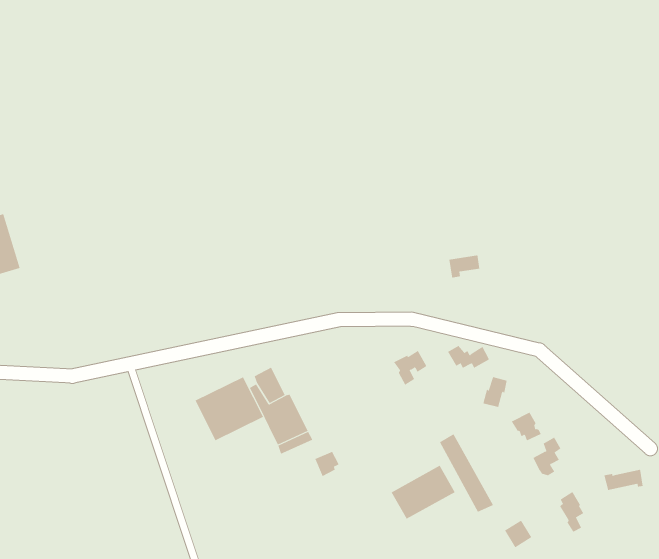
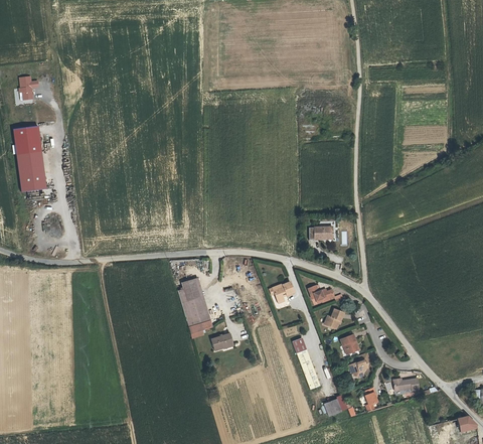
building: [195,376,264,441] -> none
building: [391,465,455,520] -> none

